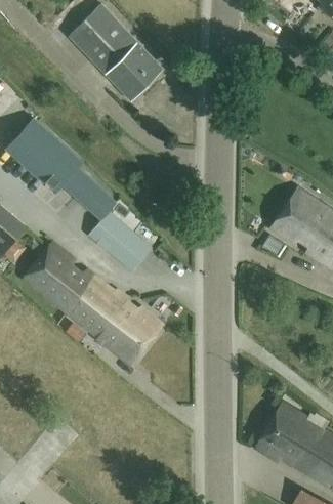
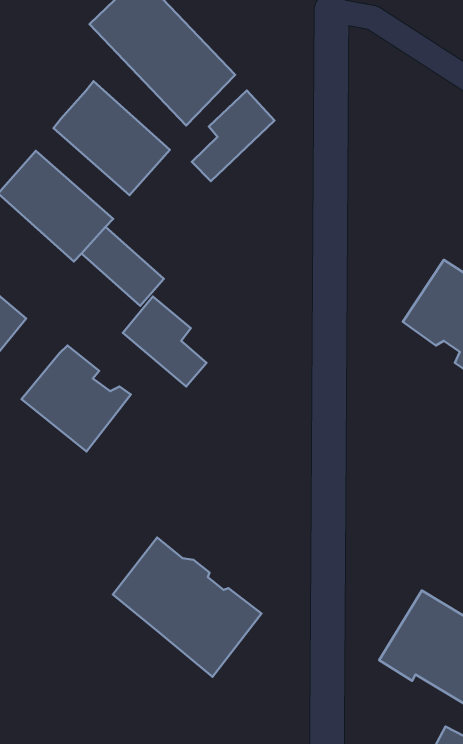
building: none -> [53,81,170,195]
building: none -> [192,90,275,181]
building: [66,276,162,366] -> [113,538,262,677]

